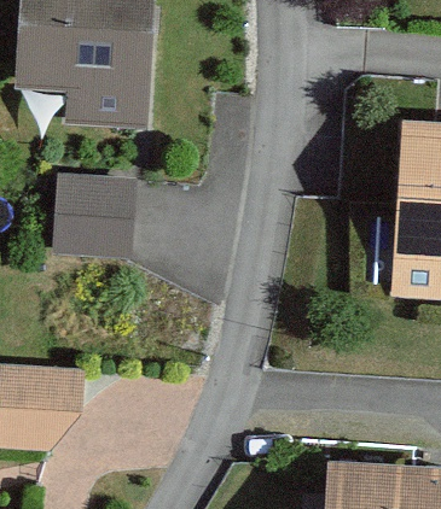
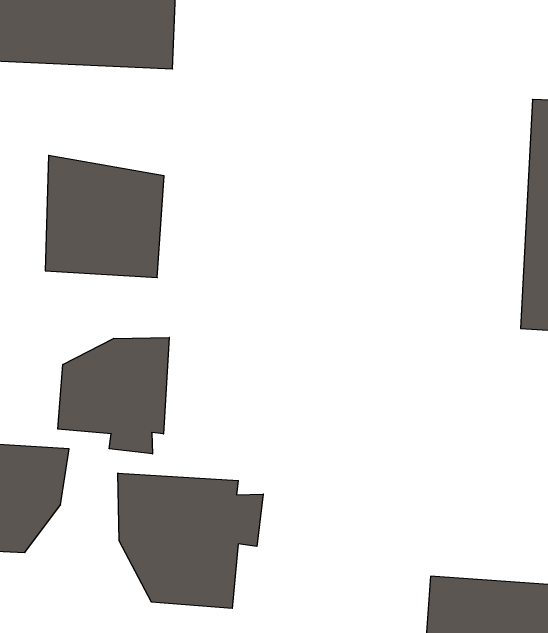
building: none -> [58,337,169,454]
building: none -> [118,473,263,608]

